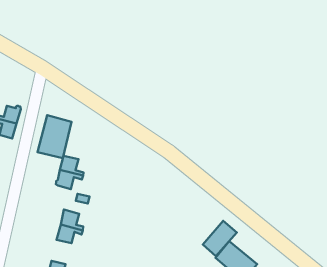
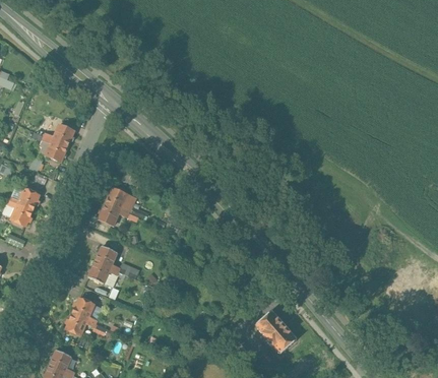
building: [38,115,71,158] -> none
building: [203,221,237,256] -> none

